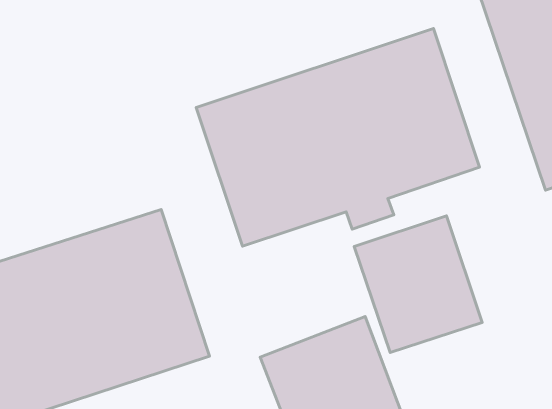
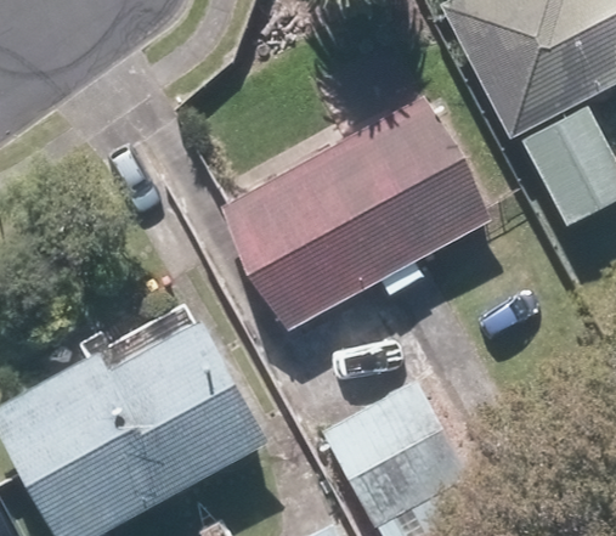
building: [354,216,482,353] -> none

